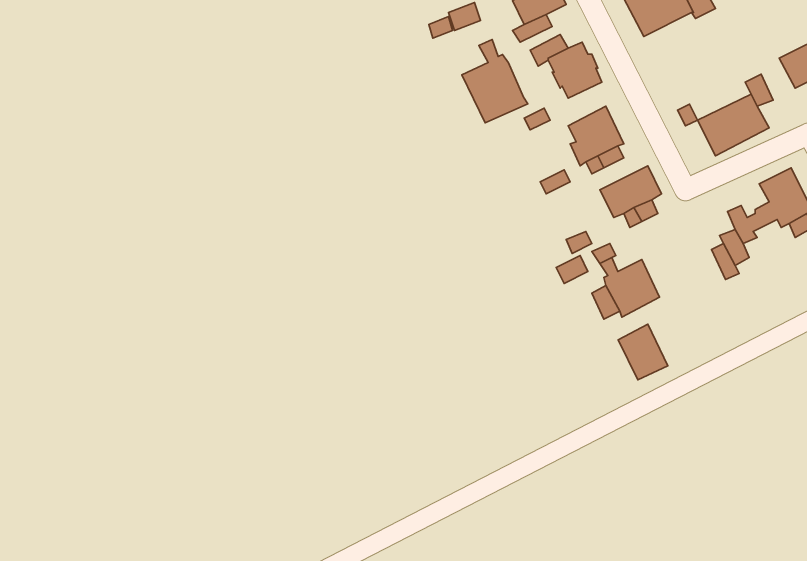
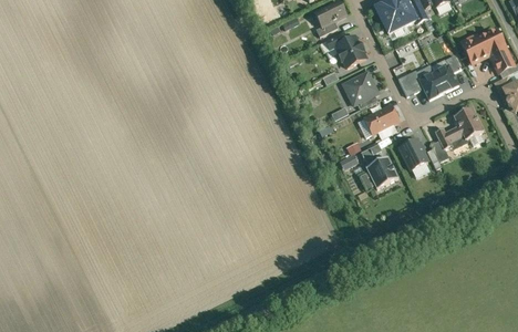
building: [462,39,528,123] -> none
building: [618,324,668,380] -> [400,138,427,169]

